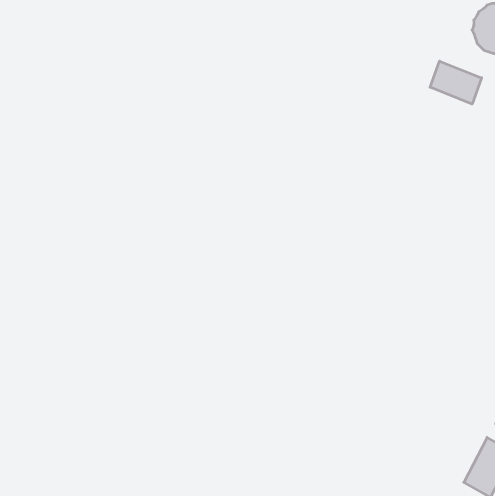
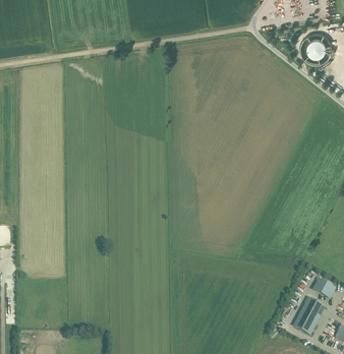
building: [430,61,482,104] -> none

